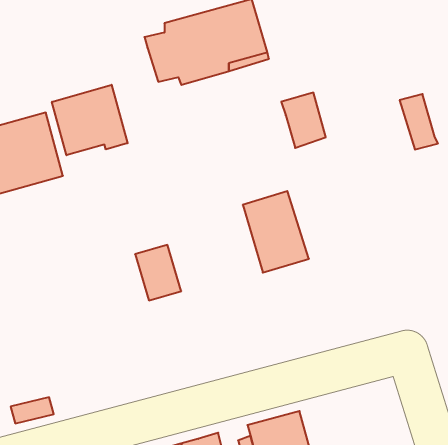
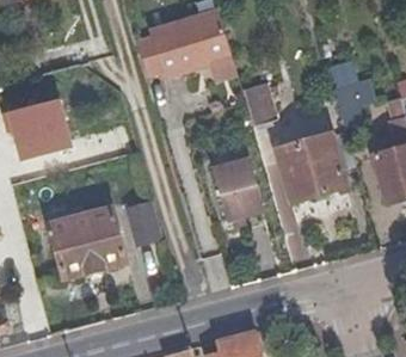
building: [52,85,128,155] -> none
building: none -> [275,134,344,202]
building: none -> [48,207,124,276]

